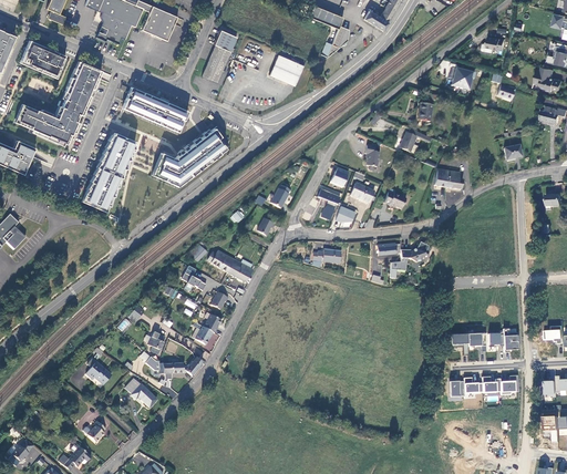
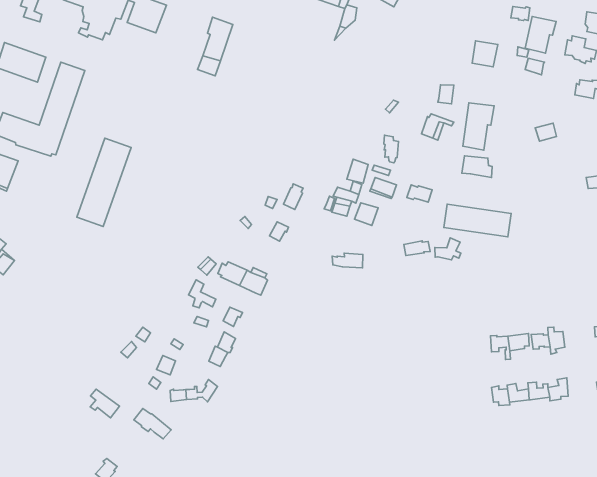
building: none -> [525,16,556,53]
building: [268,54,303,85] -> none
building: [122,86,189,132] -> none
building: none -> [463,103,494,150]
building: [152,131,229,186] -> none
building: none -> [444,204,511,237]

